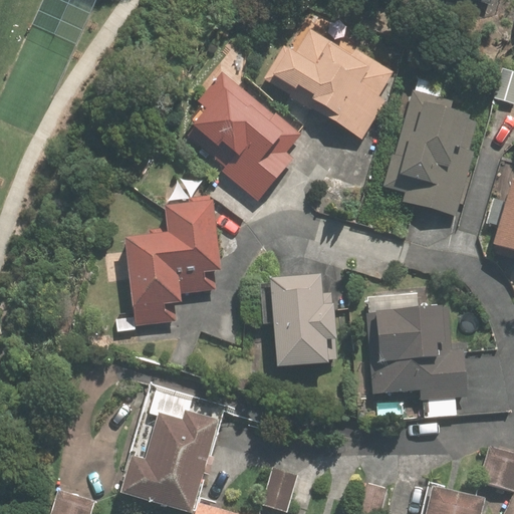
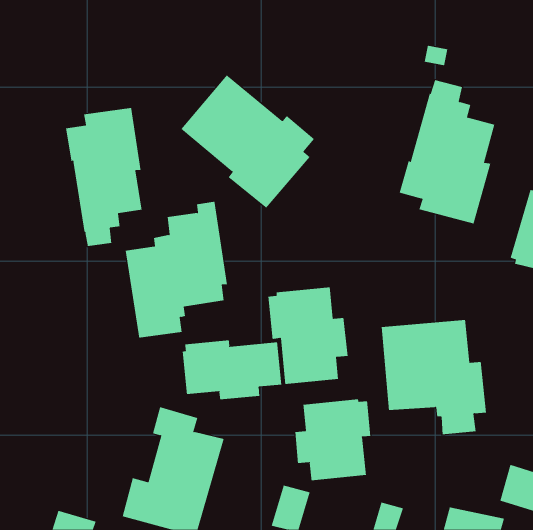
building: [264,28,395,138] -> none
building: none -> [65,107,142,247]
building: none -> [182,339,282,400]
building: none -> [295,399,371,481]

